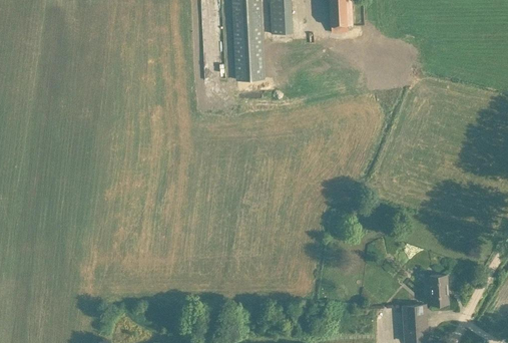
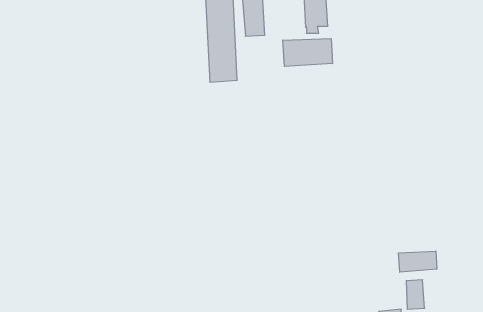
building: none -> [283,39,332,66]
building: none -> [399,251,437,272]

